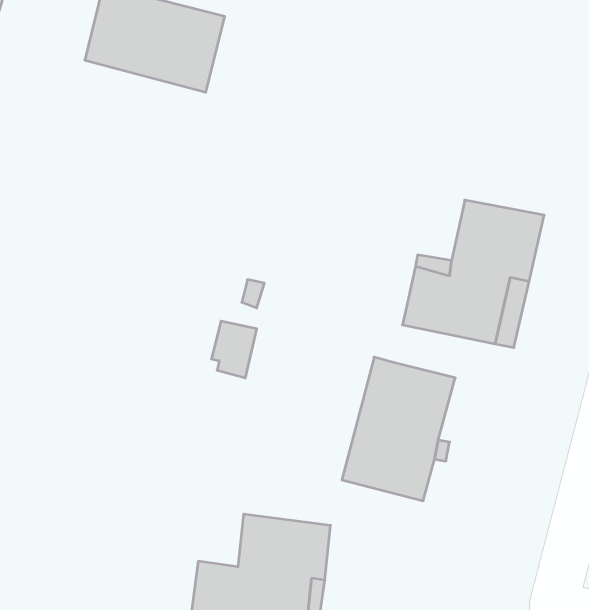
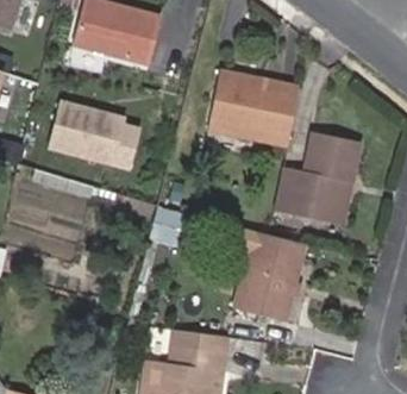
building: none -> [207,70,299,146]
building: none -> [43,99,150,174]

